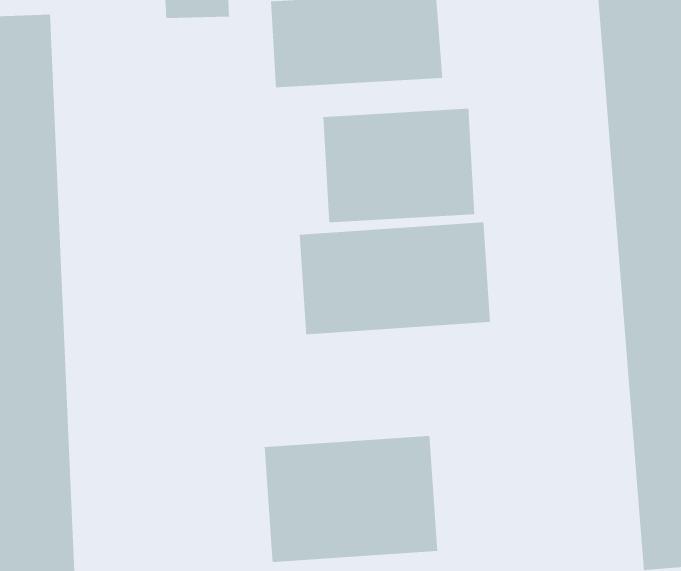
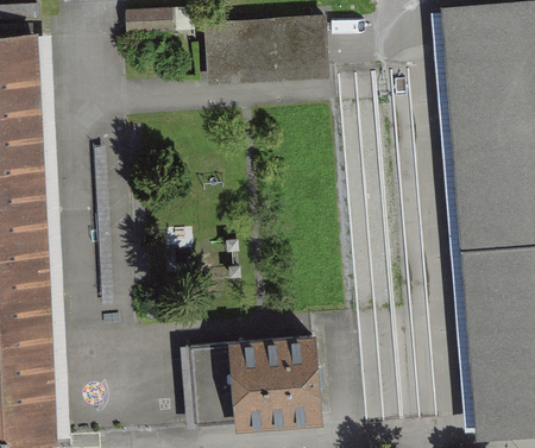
building: [322,108,475,223] -> none
building: [299,221,491,335] -> none

